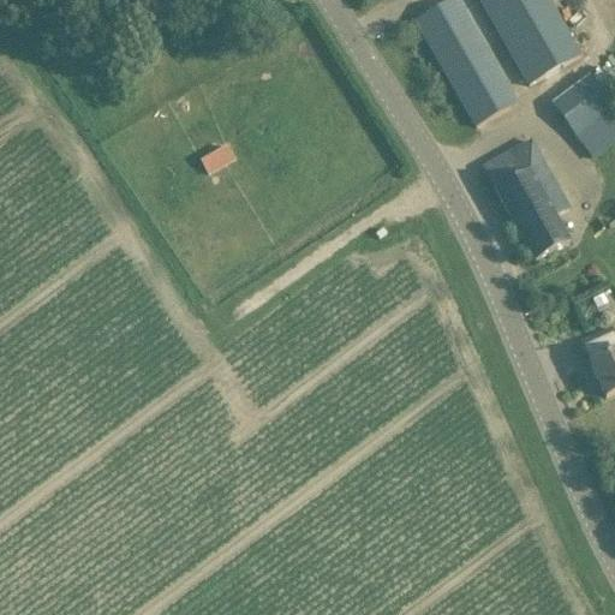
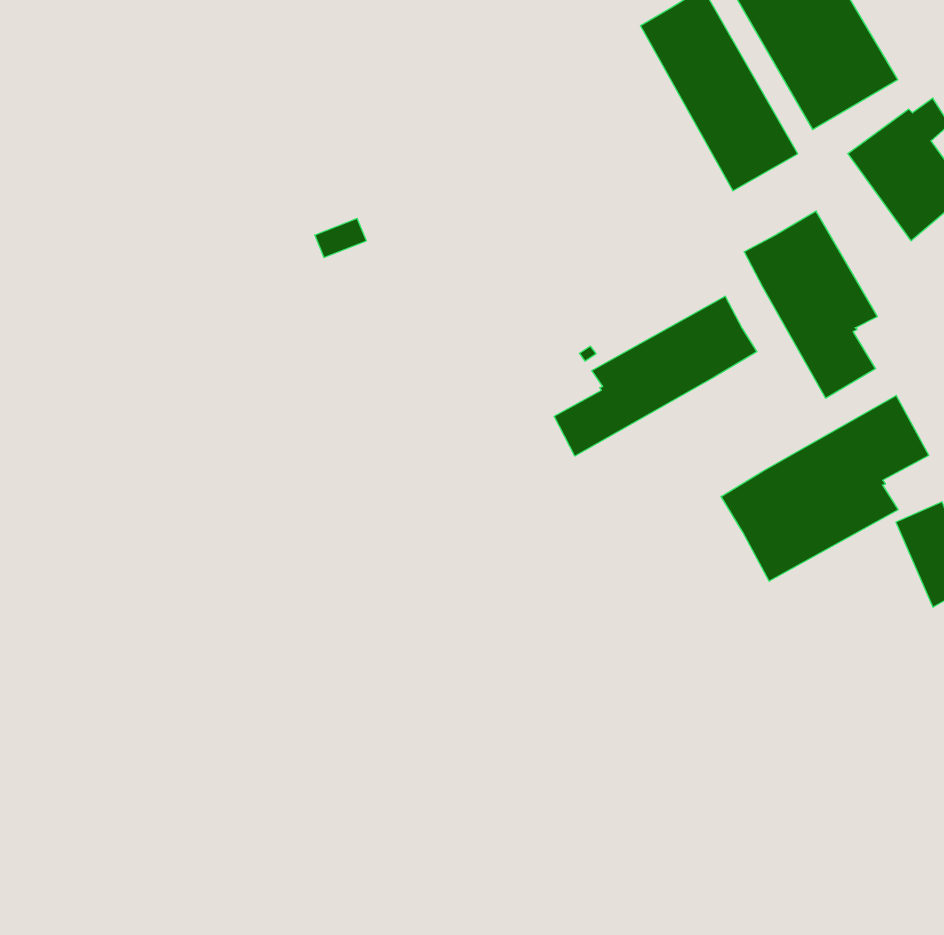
building: none -> [554,296,757,456]
building: none -> [721,395,929,581]

